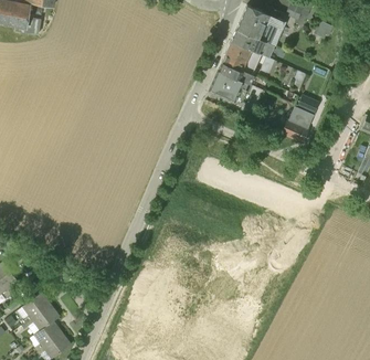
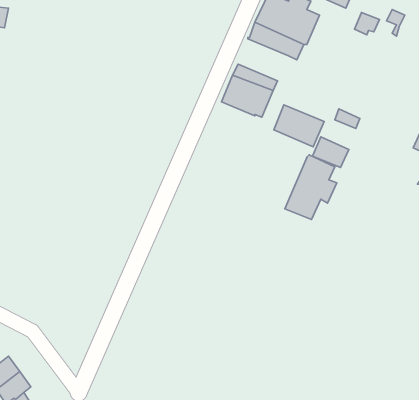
building: [222,41,262,74] -> [274,105,324,147]
building: none -> [285,155,337,220]

